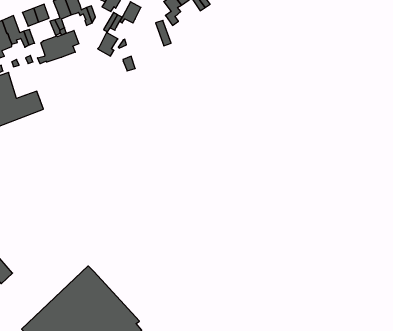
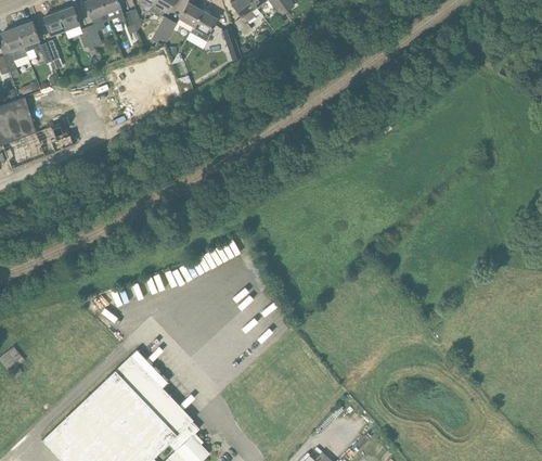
building: [38,30,79,64] -> none
building: [98,32,118,56] -> [190,11,217,42]

